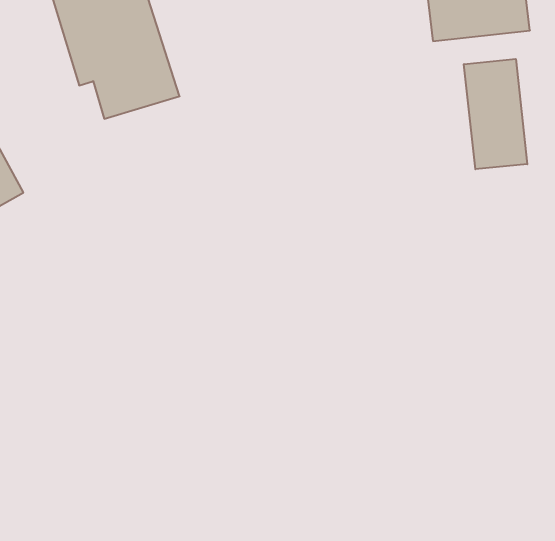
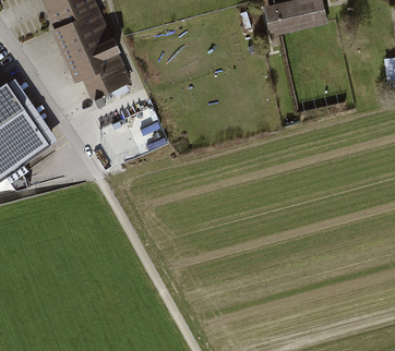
building: [464,59,527,169] -> none

